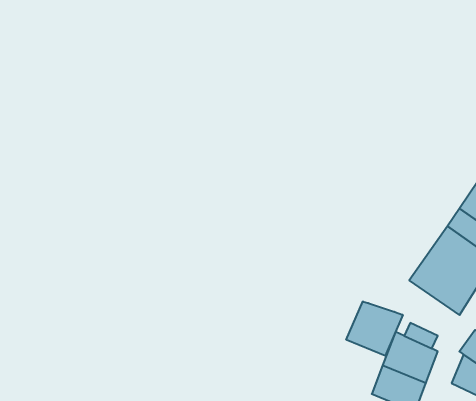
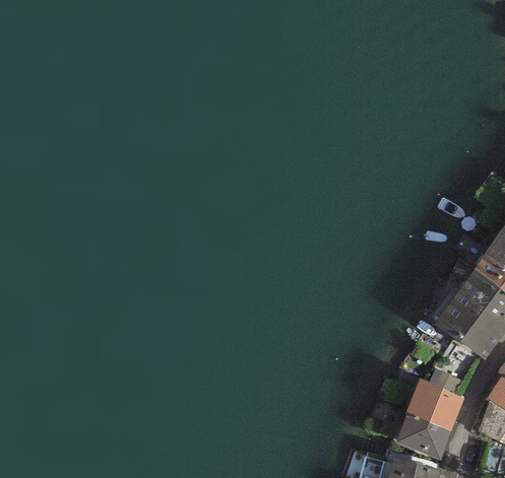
building: [346,301,403,356] -> none

